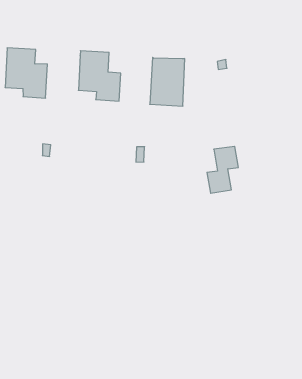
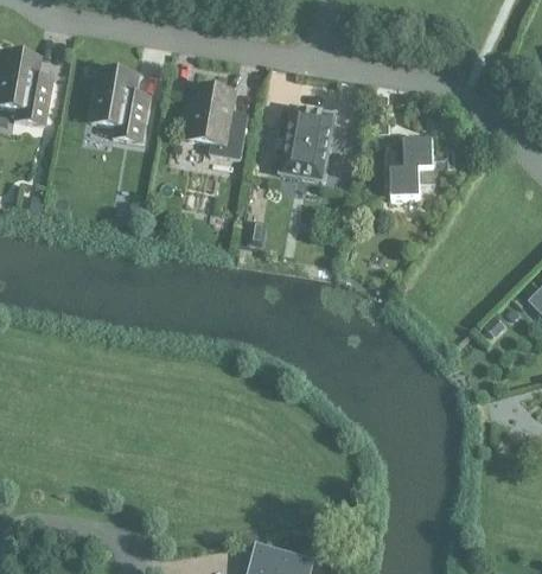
building: [207,146,238,193] -> [390,141,433,199]

